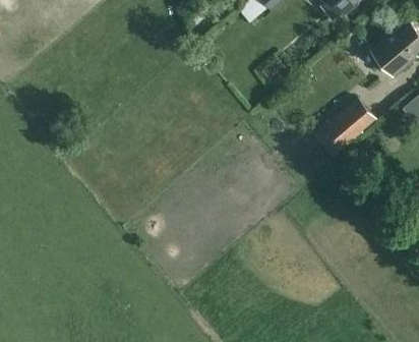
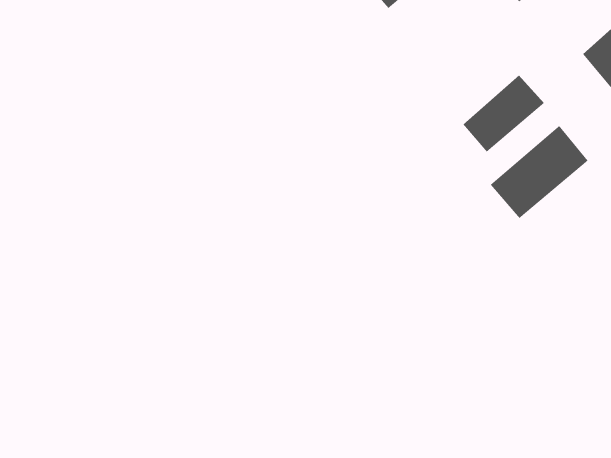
building: none -> [462,75,545,153]

